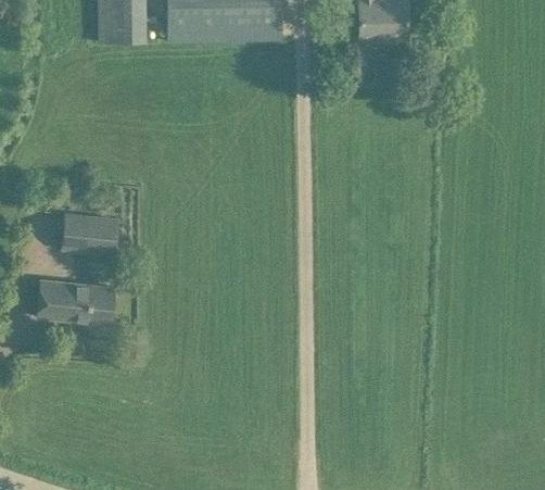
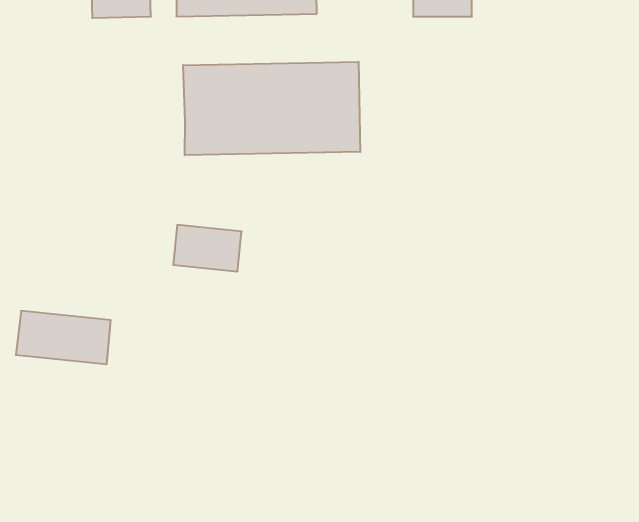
building: none -> [183,62,360,155]
building: [62,216,117,254] -> [173,225,242,272]

